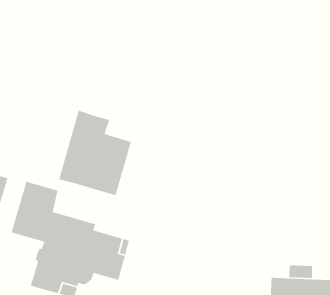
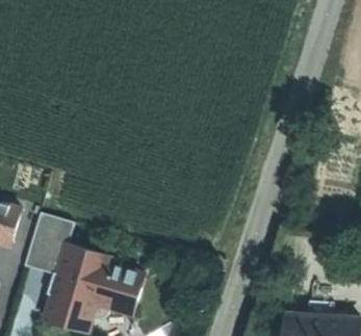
building: [58,110,132,196] -> none

